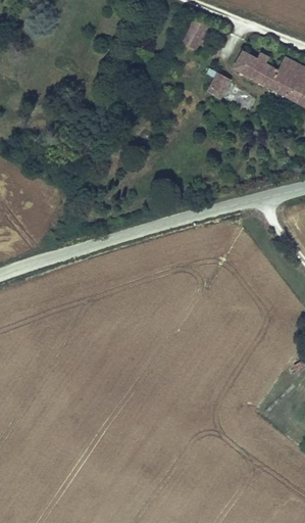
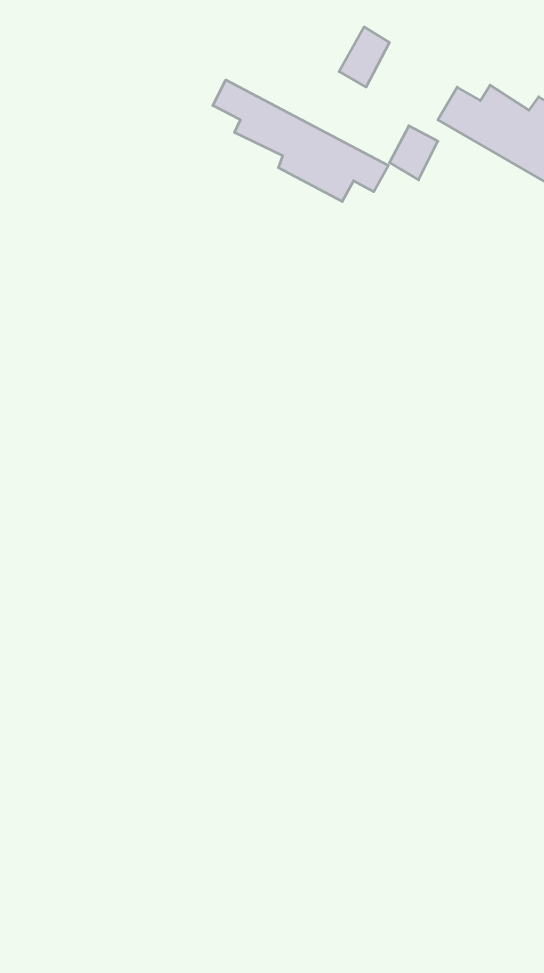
building: none -> [213,80,388,202]

